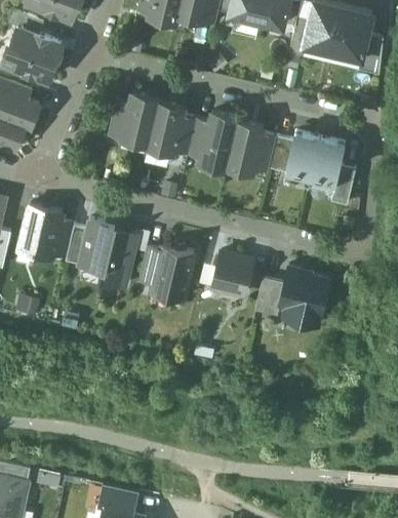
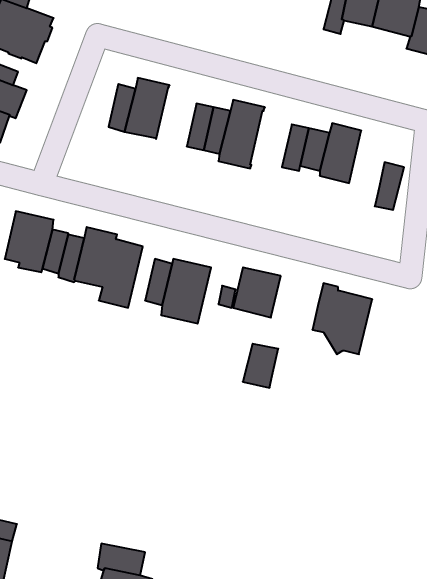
building: [146,102,184,153] -> none
building: [227,122,264,173] -> none
building: [310,138,345,189] -> none
building: [254,279,284,316] -> [243,344,278,388]

